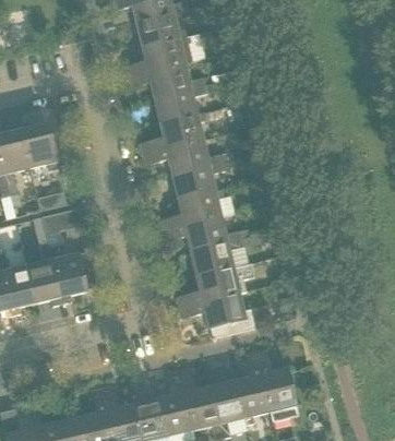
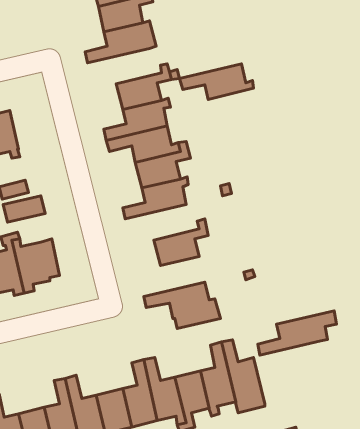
building: [124,62,197,97] -> [179,64,254,99]
building: [161,216,235,251] -> none
building: [178,263,255,307] -> [258,311,336,355]

